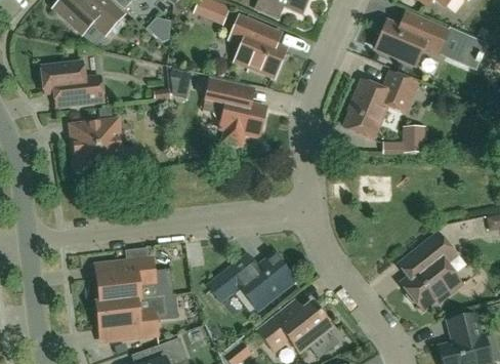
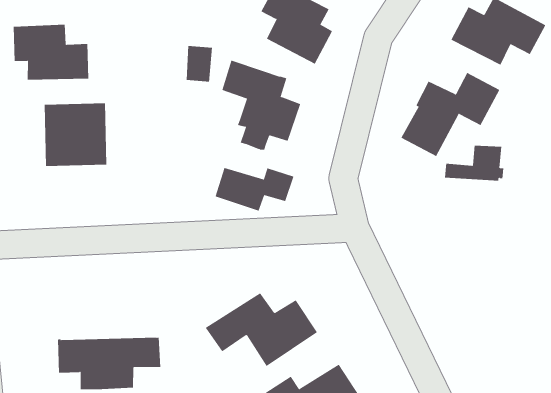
building: none -> [215,167,294,212]
building: [398,233,461,310] -> none
building: [96,257,171,302] -> none

